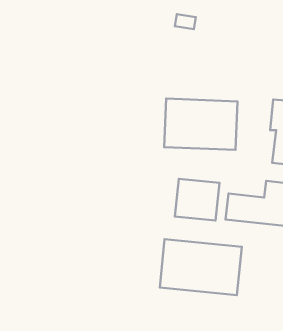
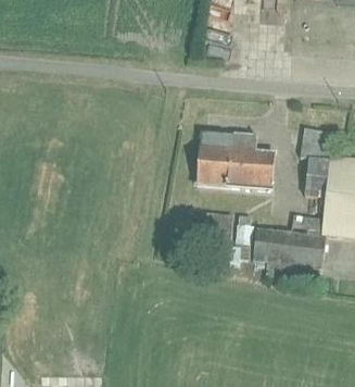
building: [160,239,242,295] -> none

